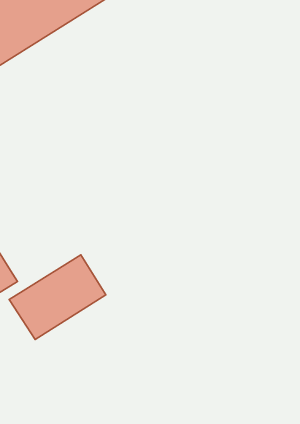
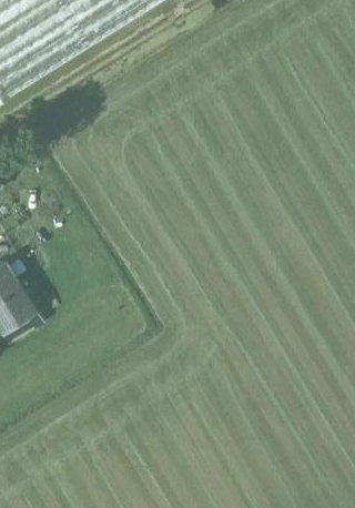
building: [9,255,106,340] -> none

